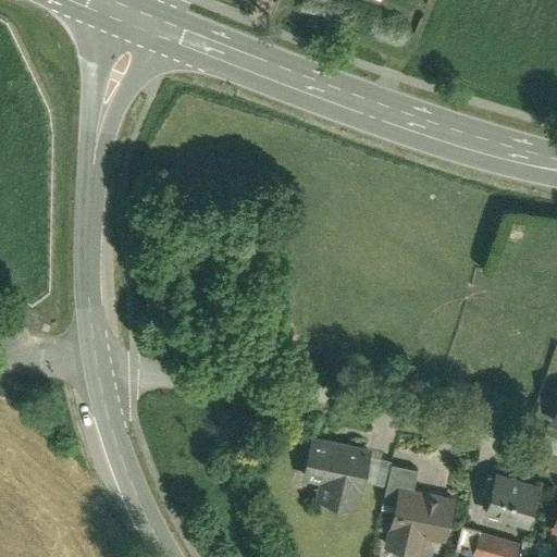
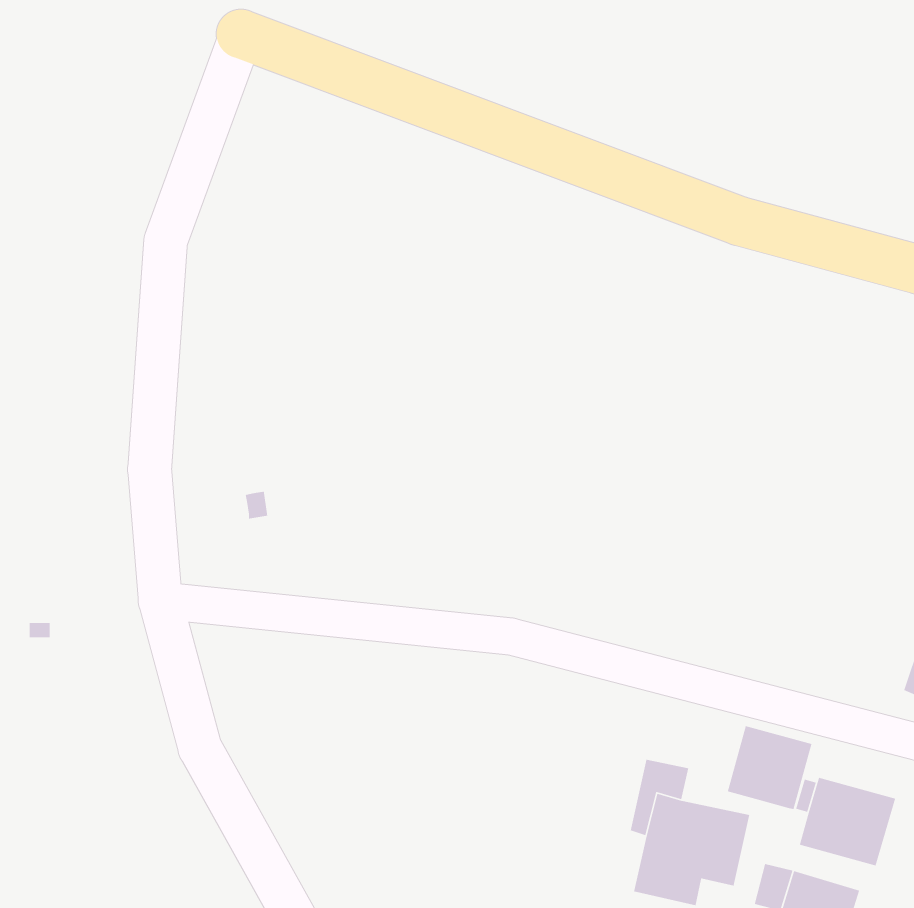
building: [305,436,375,507] -> none
building: none -> [727,725,813,810]

